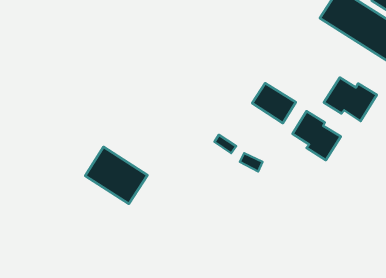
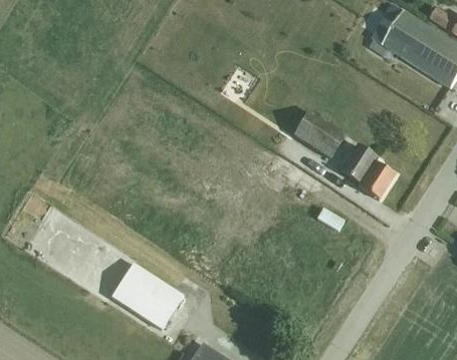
building: [324,78,377,121] -> none
building: [85,147,147,204] -> [109,263,181,328]

